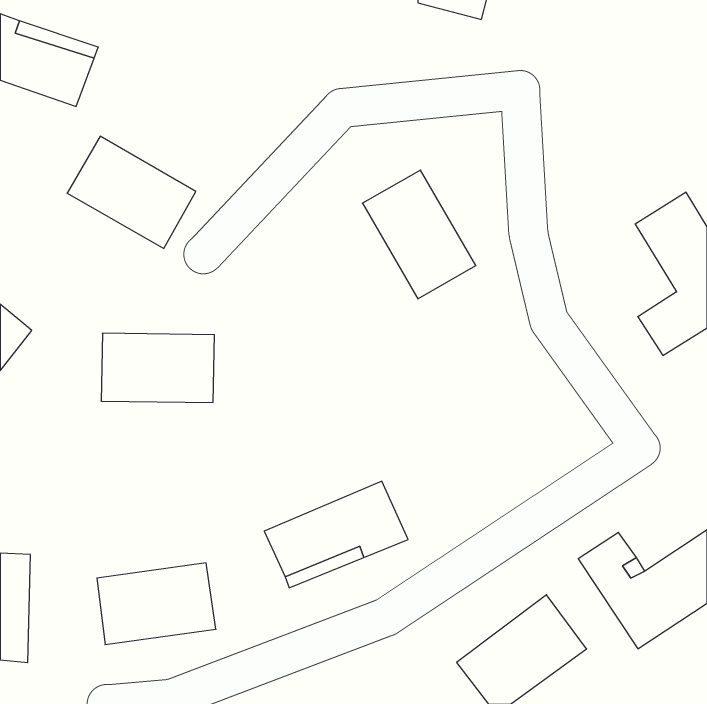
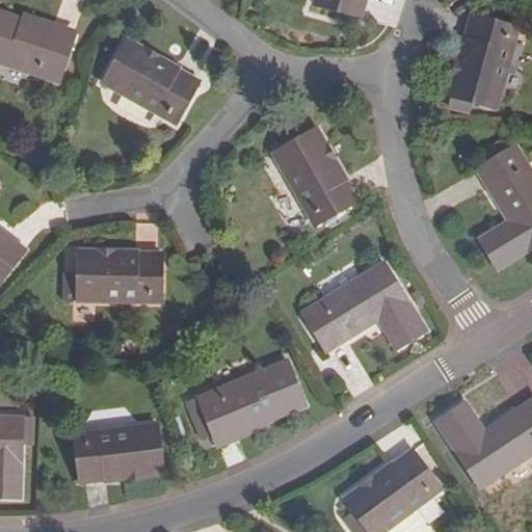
building: none -> [449,15,518,107]
building: [67,136,196,248] -> [102,39,198,124]
building: none -> [302,261,426,350]

